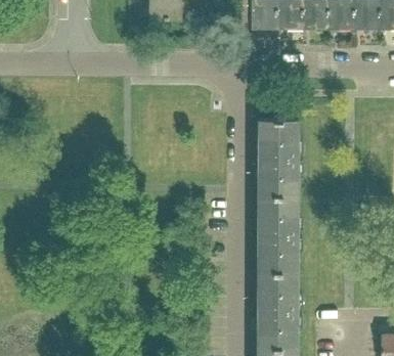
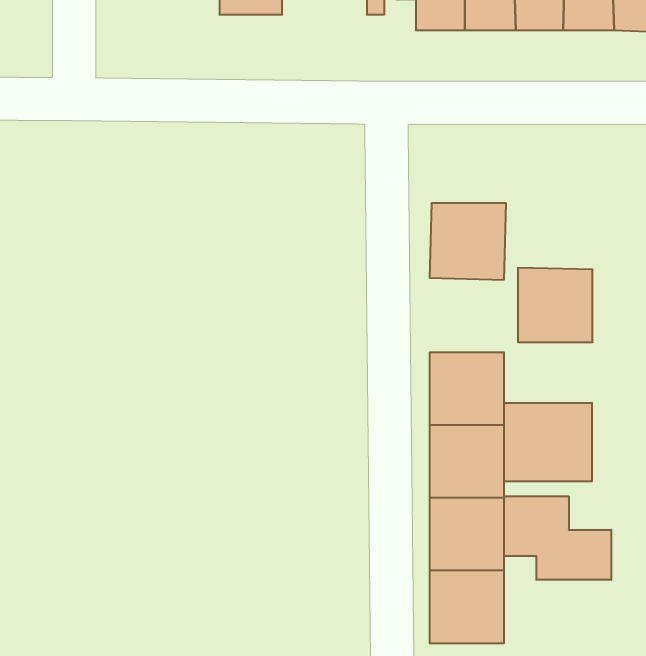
building: [259,158,298,196] -> [518,268,593,342]
building: none -> [504,403,592,481]
building: none -> [504,496,611,580]

